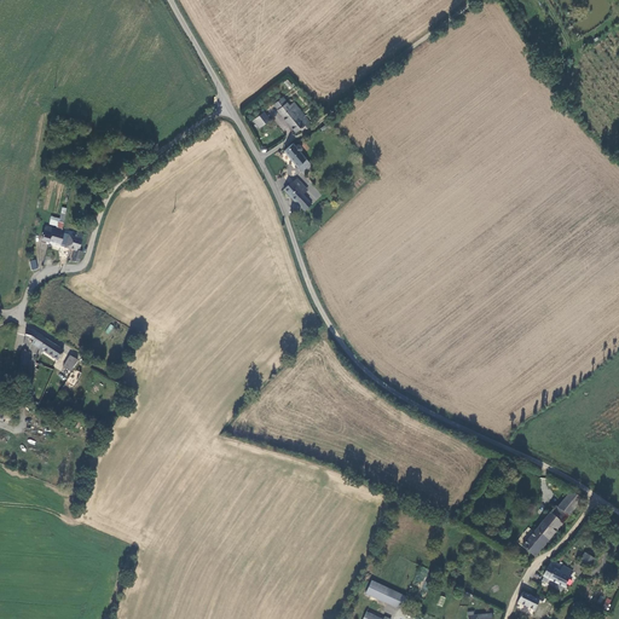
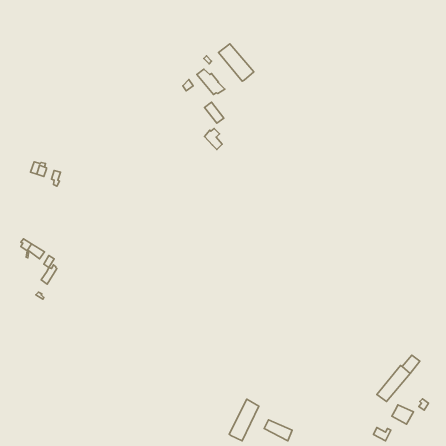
building: none -> [218,44,254,81]
building: none -> [229,399,259,441]

